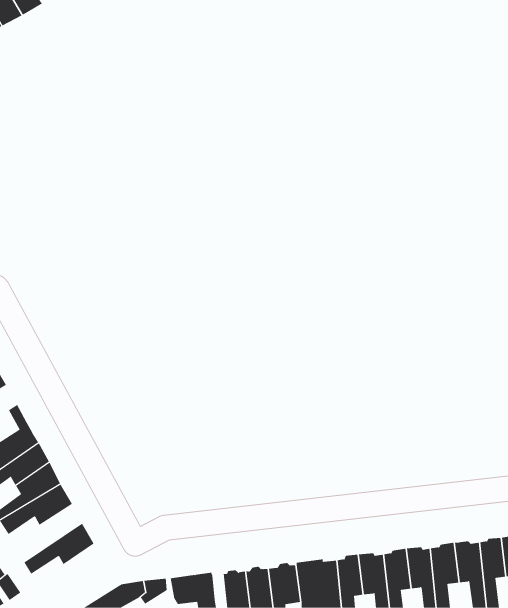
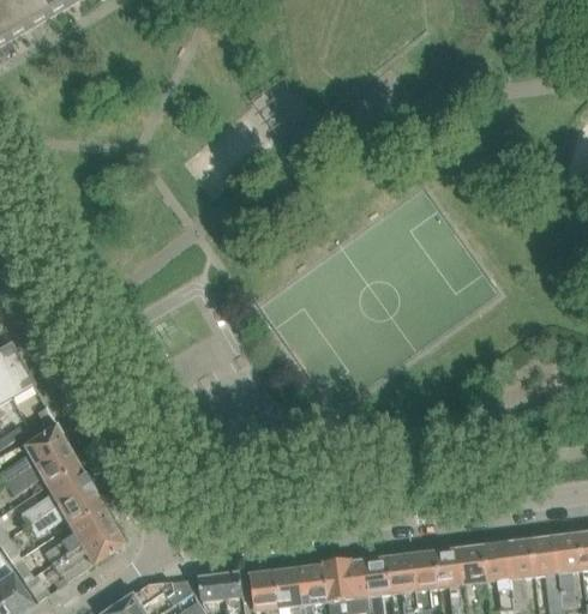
building: none -> [46,504,112,562]

